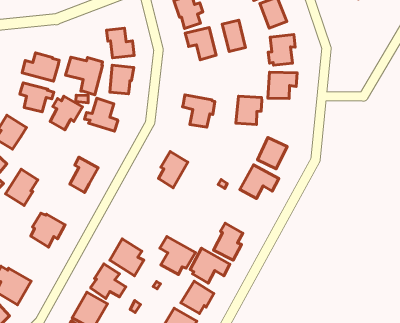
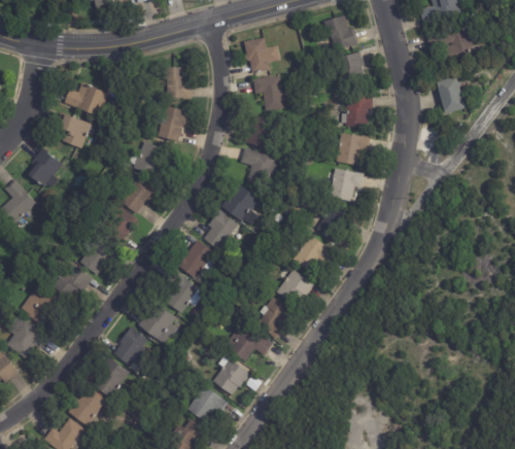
building: none -> [438,77,468,114]
building: [222,20,245,51] -> none
building: [66,57,103,95] -> none
building: none -> [245,113,273,147]
building: [50,96,82,130] -> [121,175,159,213]
building: [236,96,262,125] -> [330,168,362,202]
building: none -> [220,184,260,228]
building: [5,169,38,205] -> [78,235,116,276]
building: none -> [177,238,219,278]
building: none -> [276,269,315,307]
building: none -> [21,284,59,322]
building: [160,236,195,275] -> [164,271,204,315]

